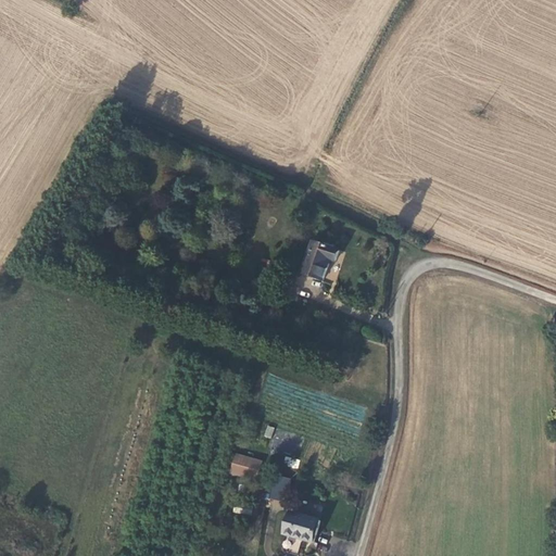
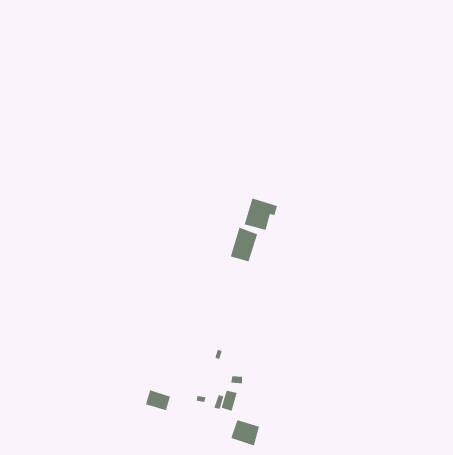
building: none -> [230,227,258,262]
building: [231,452,263,478] -> [145,389,171,411]

